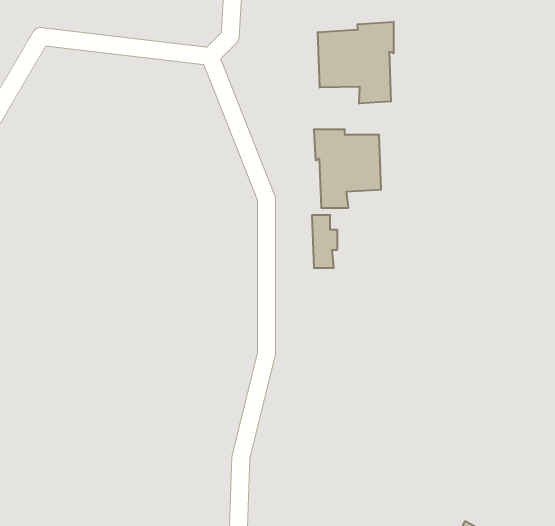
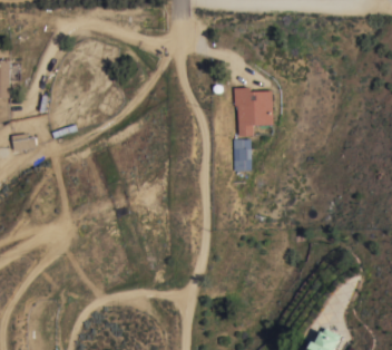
building: [318,22,394,104] -> none

